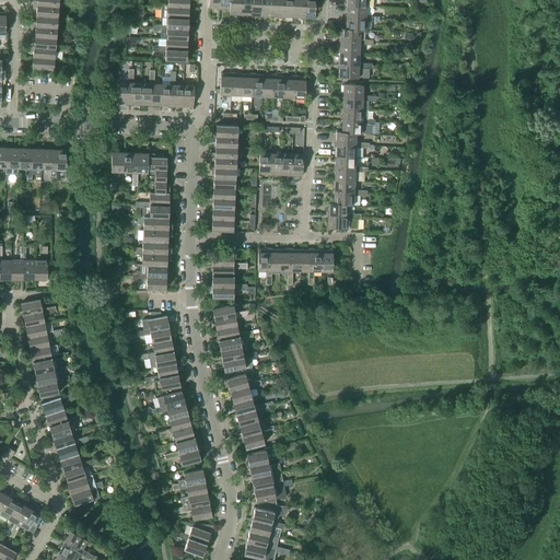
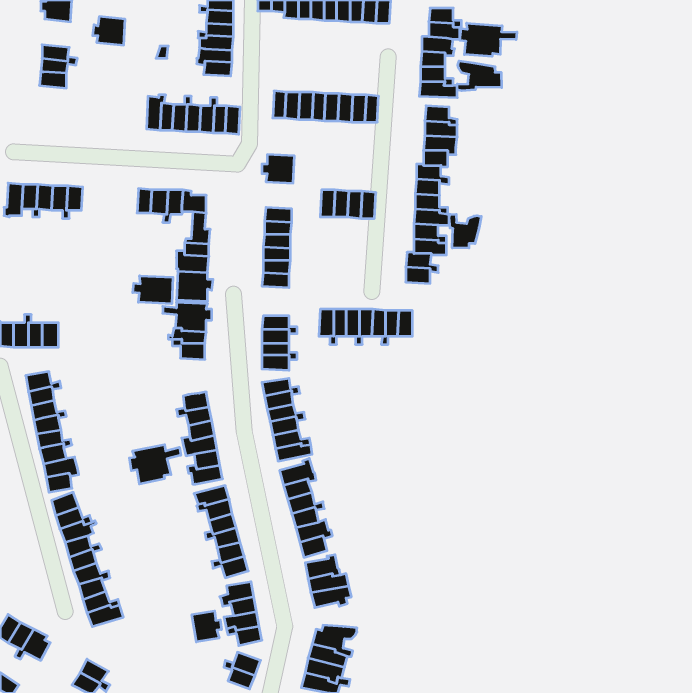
building: [32,15,58,38] -> [93,17,125,45]
building: none -> [460,23,517,56]
building: none -> [457,61,502,91]
building: [211,147,237,168] -> none
building: none -> [449,214,481,248]
building: none -> [133,276,173,304]
building: none -> [129,445,181,484]
building: [255,480,288,505] -> none
building: none -> [192,611,221,642]

